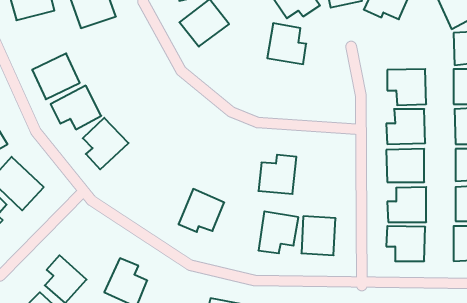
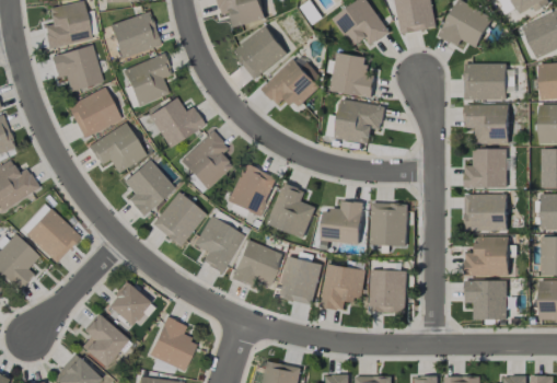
building: none -> [50,45,102,91]
building: none -> [121,51,172,106]
building: none -> [260,58,320,108]
building: none -> [464,63,507,100]
building: none -> [148,96,205,147]
building: none -> [335,100,385,144]
building: none -> [178,130,232,189]
building: none -> [227,163,277,217]
building: none -> [267,182,316,239]
building: none -> [152,192,205,246]
building: none -> [370,202,408,246]
building: none -> [194,216,243,274]
building: none -> [277,256,322,305]
building: none -> [106,281,150,326]

